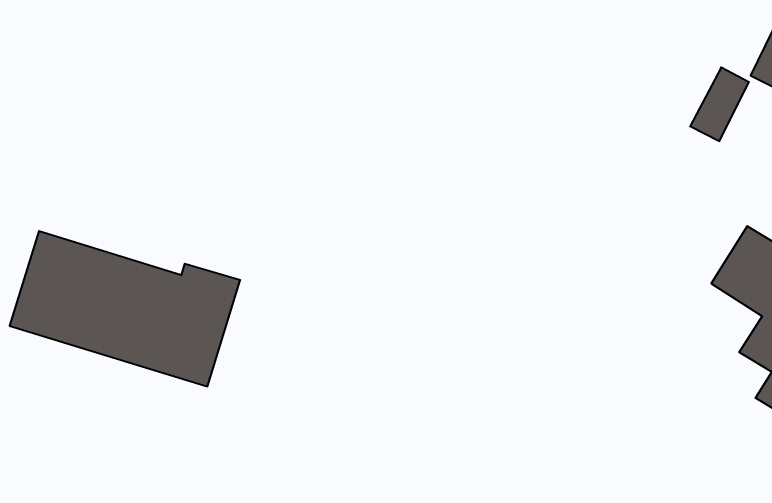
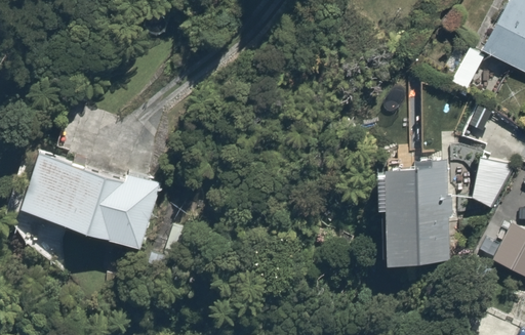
building: none -> [388,162,454,262]

